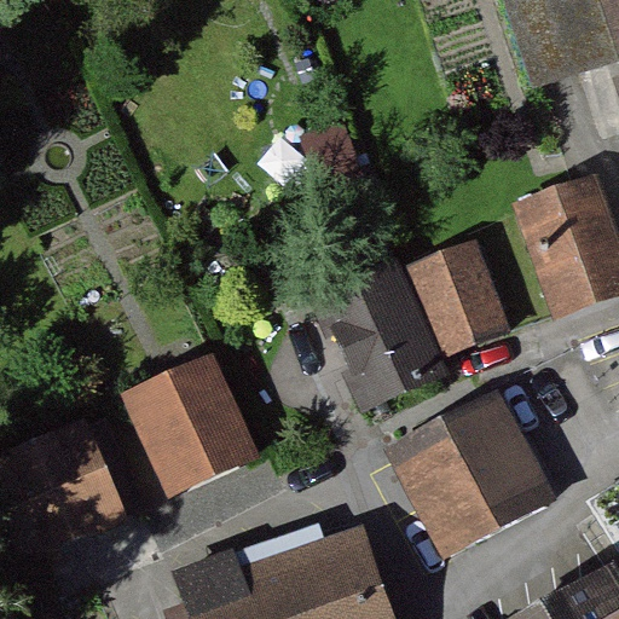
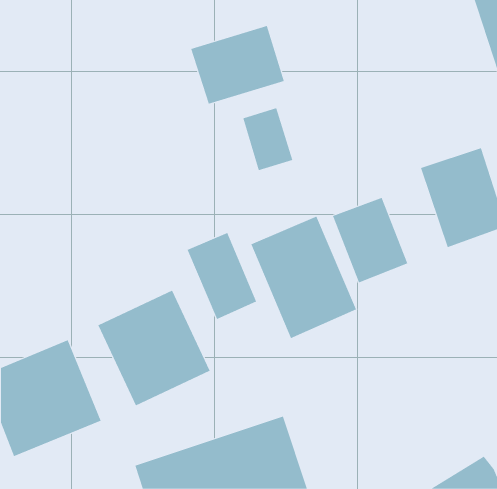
building: none -> [190,25,284,104]
building: none -> [187,232,257,320]
building: [395,395,548,549] -> none

